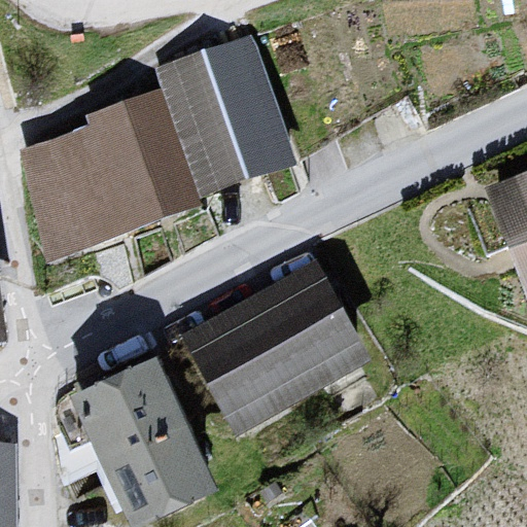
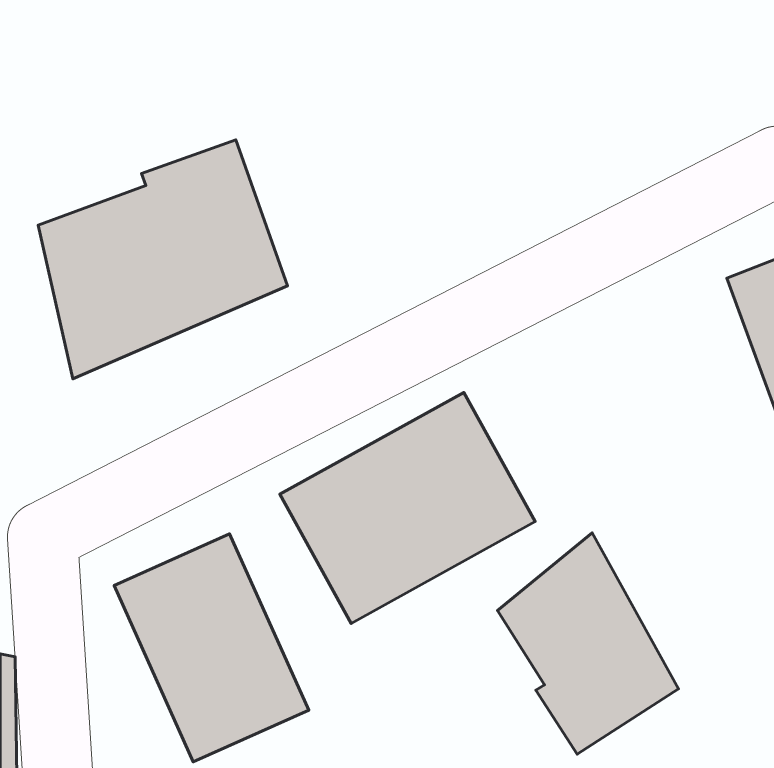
building: [163,46,289,190] -> none
building: none -> [497,533,679,754]

